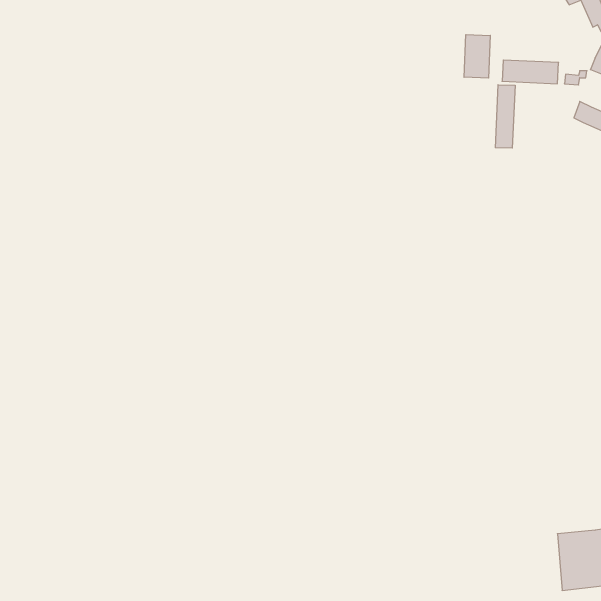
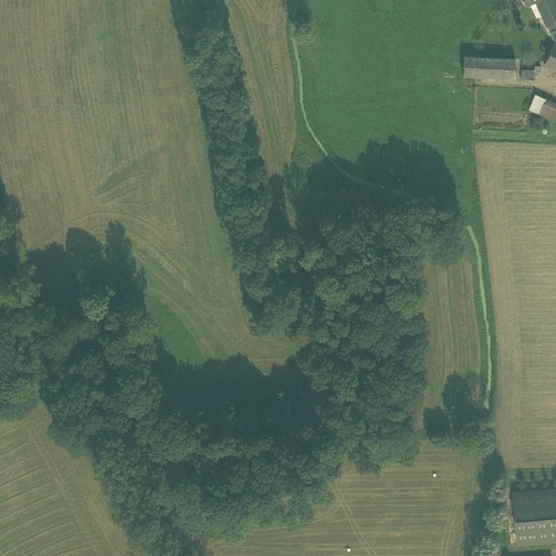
building: [464,35,490,78] -> none
building: [495,85,515,148] -> none

